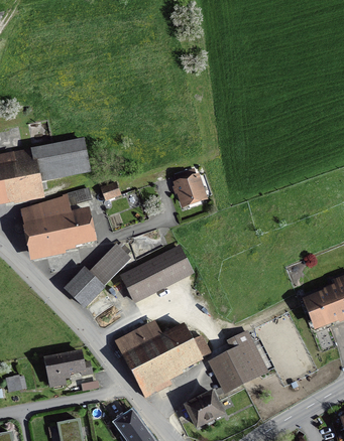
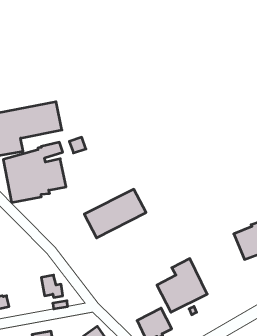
building: [173,167,209,207] -> none
building: [64,240,132,309] -> none
building: [114,318,212,398] -> none
building: [43,351,72,388] -> none

